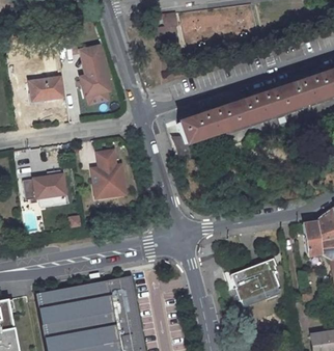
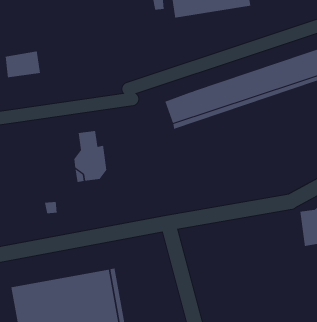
building: [78,43,112,105] -> none
building: [34,172,66,197] -> none
building: [231,258,280,306] -> none

